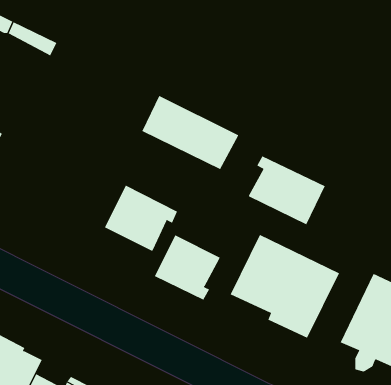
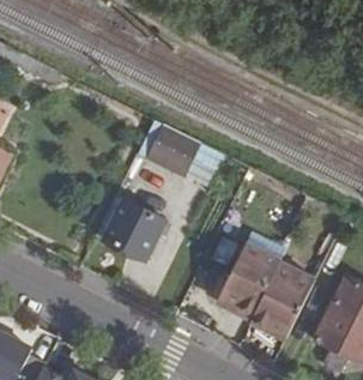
building: [248,155,326,225] -> none
building: [154,235,220,301] -> none

